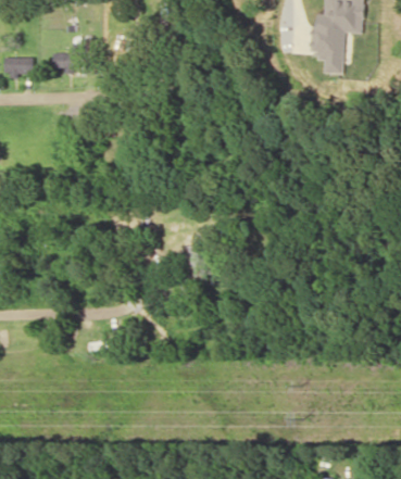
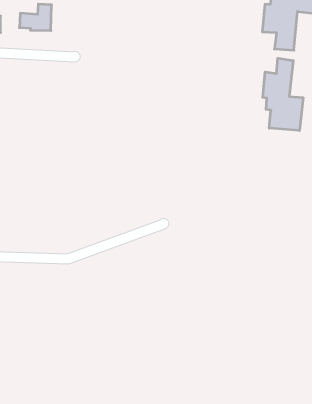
building: none -> [263,58,303,131]

